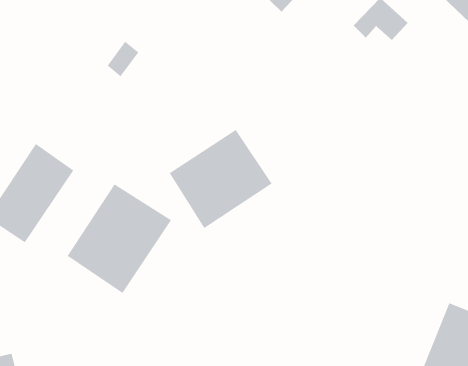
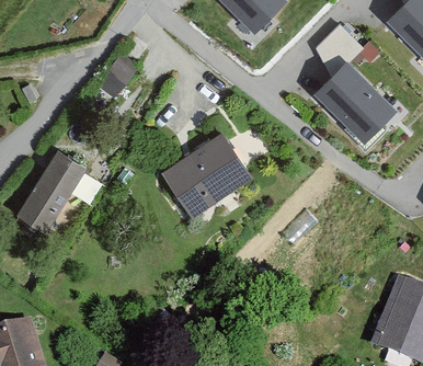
building: none -> [320,62,400,141]
building: [67,184,172,294] -> none

